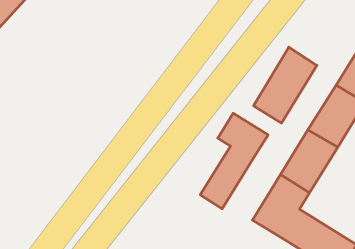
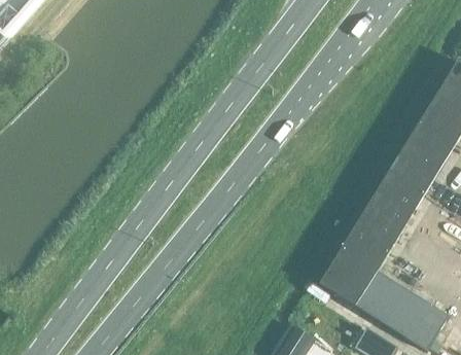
building: [254,47,317,123] -> none
building: [200,113,268,209] -> none

